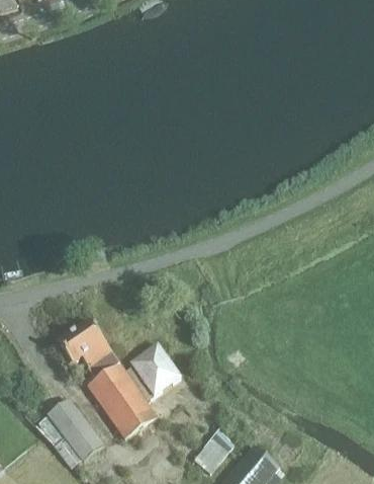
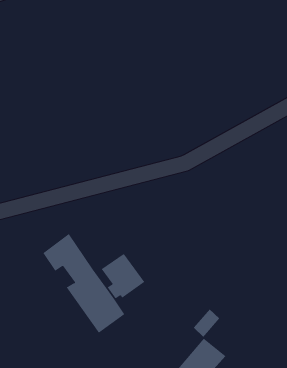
building: [46,398,105,461] -> none
building: [199,432,232,468] -> [193,308,220,338]

